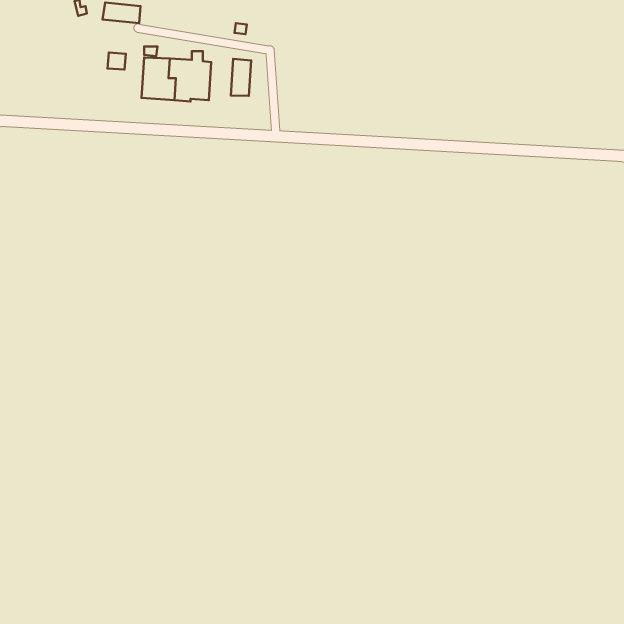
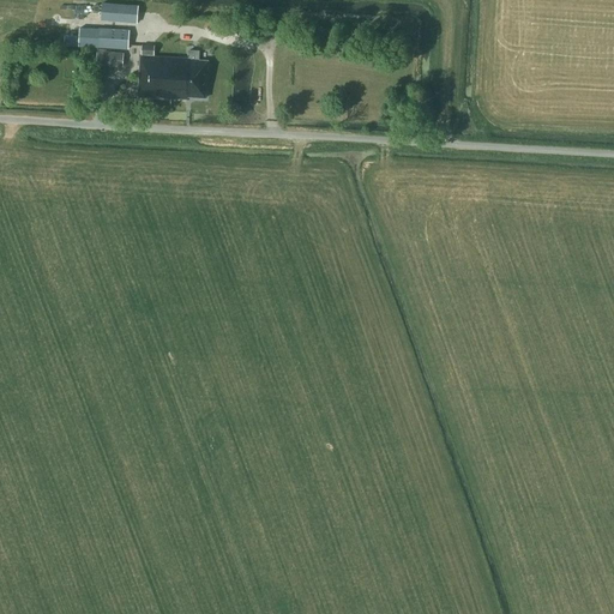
building: none -> [64,29,128,49]
building: [231,59,251,96] -> none

